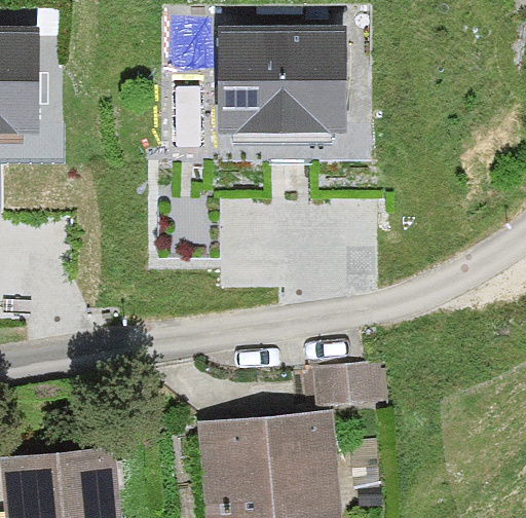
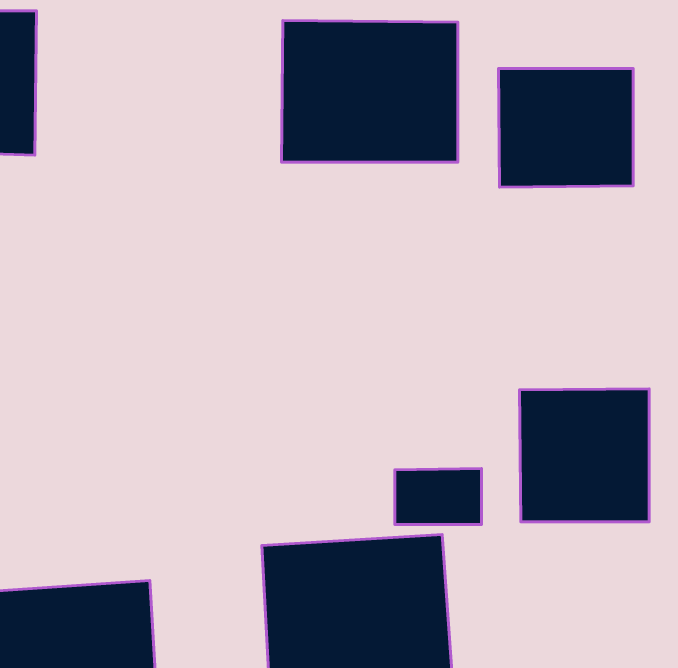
building: none -> [499,68,633,187]
building: none -> [520,389,649,522]

